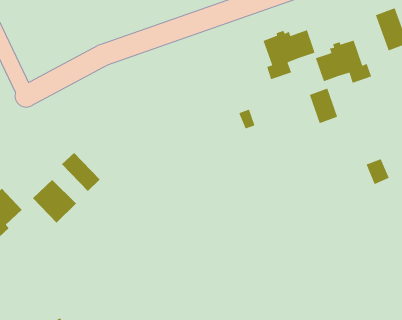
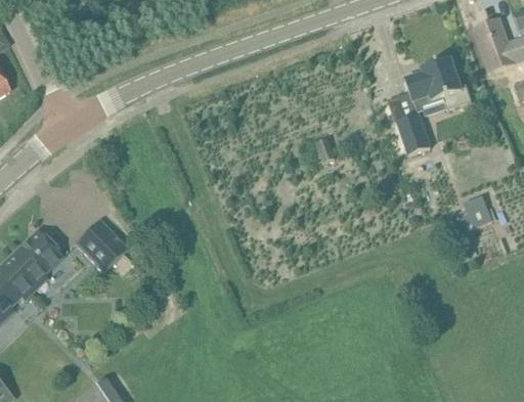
building: [262,29,316,80] -> none
building: [61,152,101,192] -> none

